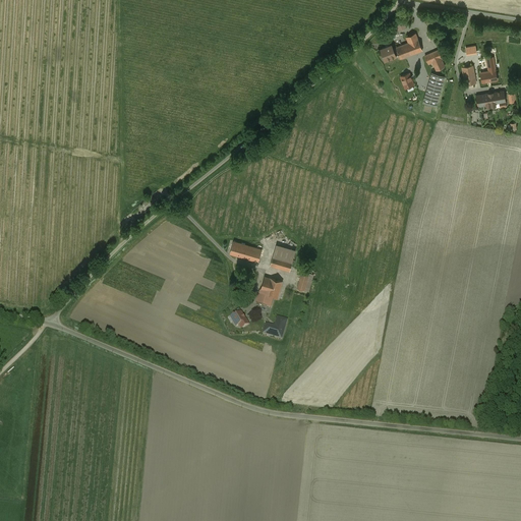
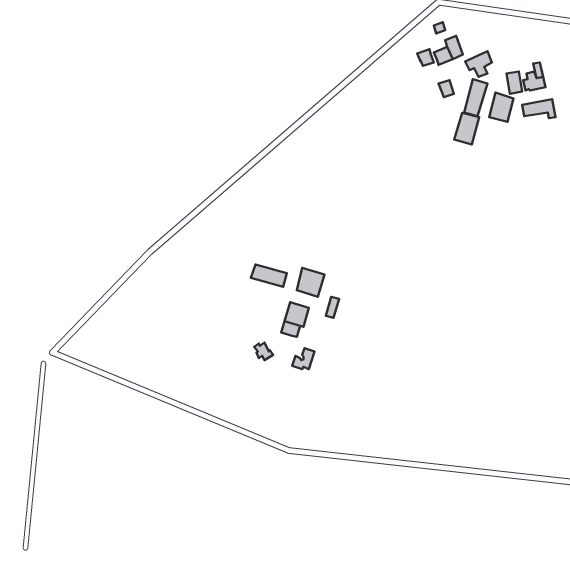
building: none -> [489,92,513,122]
building: none -> [454,113,479,144]

